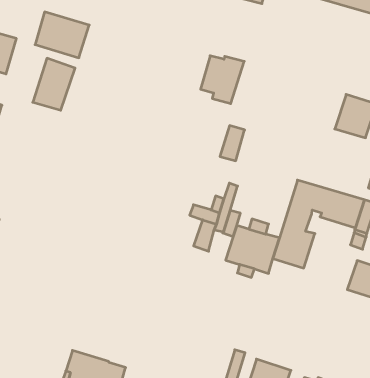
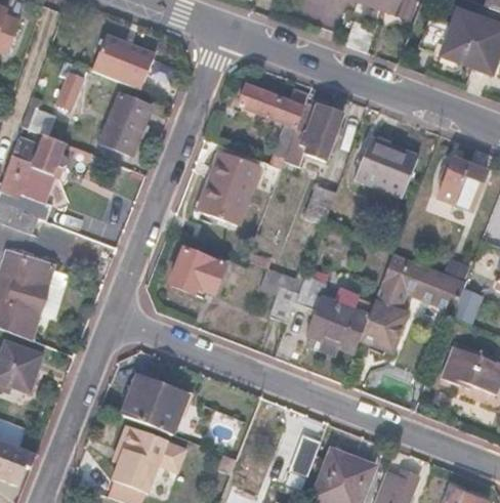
building: none -> [238,87,307,167]
building: none -> [357,138,419,198]
building: none -> [199,152,260,226]
building: none -> [169,249,223,294]
building: none -> [122,376,190,433]

